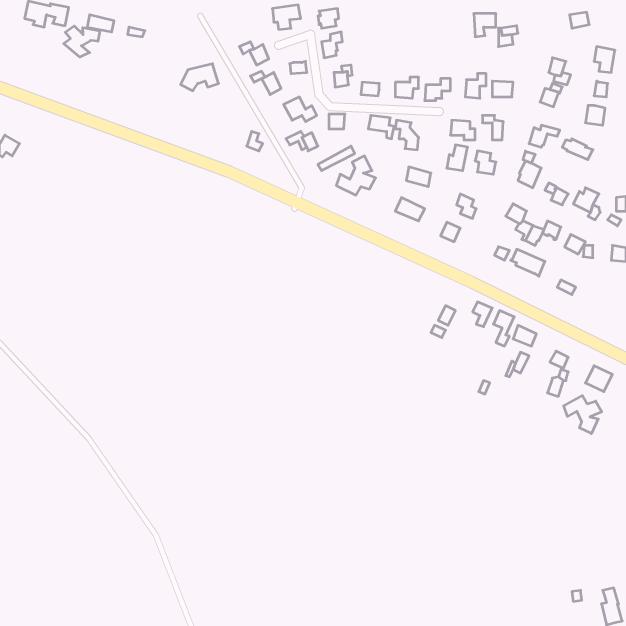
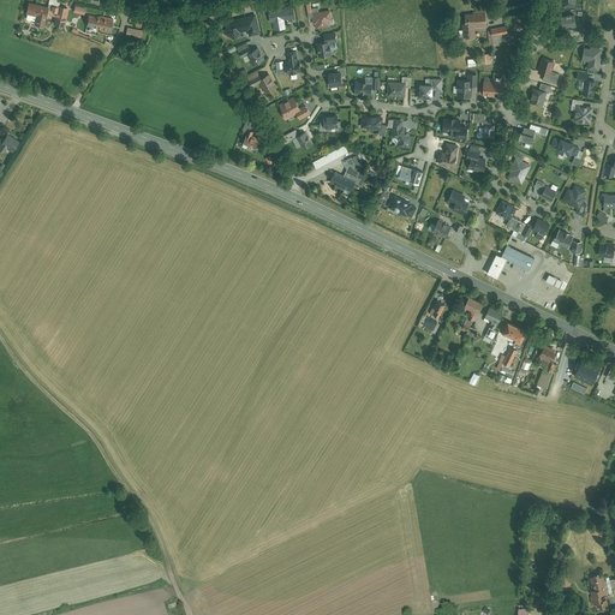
building: [64,26,100,57] -> none
building: [181,64,219,91] -> [222,13,259,40]
building: [564,396,602,434] -> none

